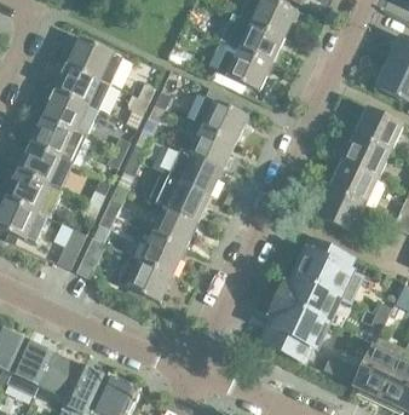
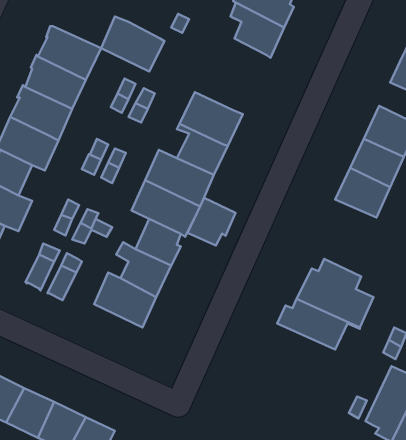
building: [215,42,271,91] -> [101,16,164,71]
building: none -> [188,198,236,246]
building: [316,189,364,231] -> none
building: [270,298,328,359] -> none

